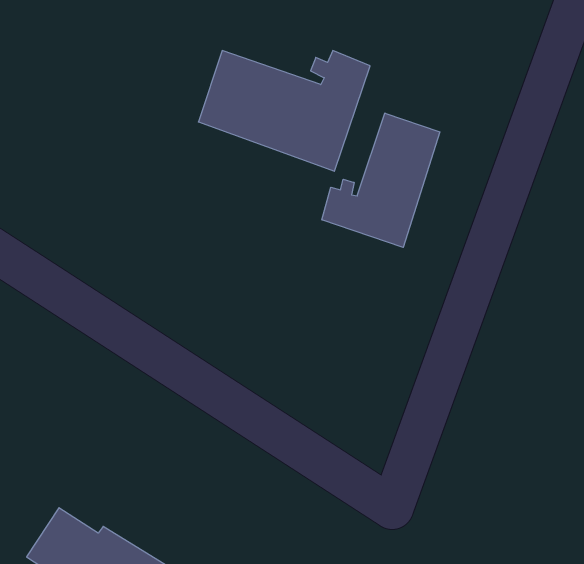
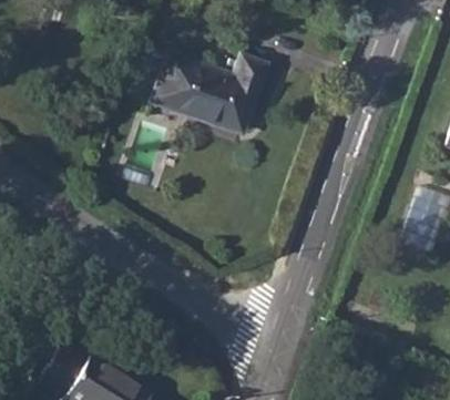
building: [322,113,440,247] -> none

